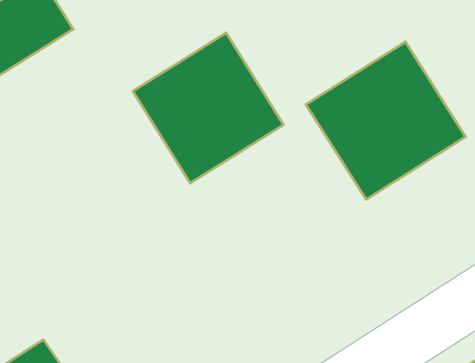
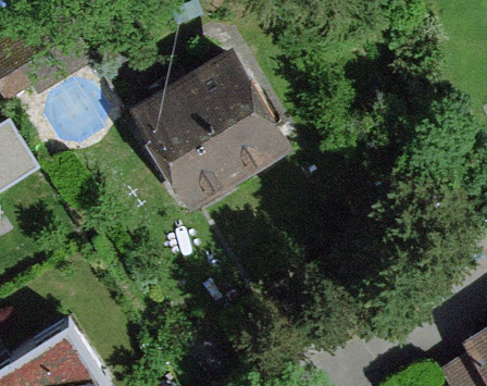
building: [306,42,466,199] -> none

